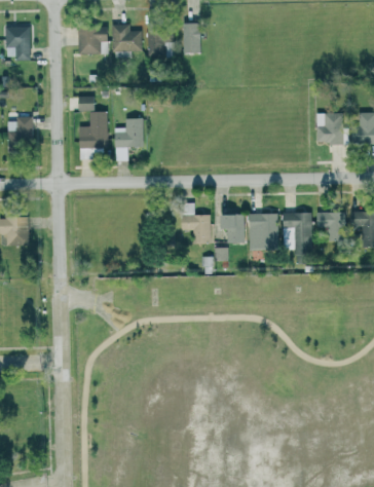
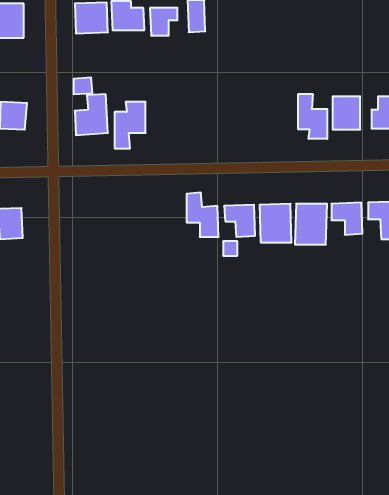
building: none -> [298,94,327,139]

